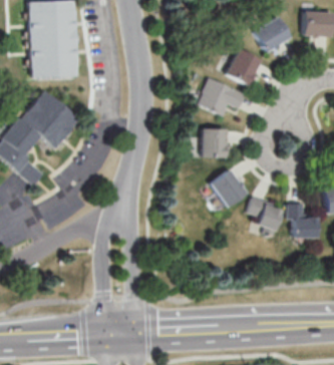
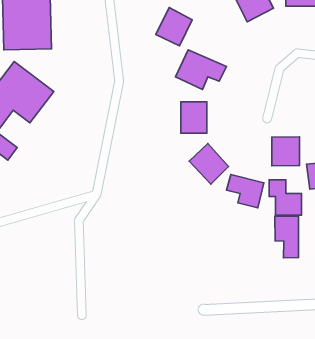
building: [226,49,261,86] -> [156,8,192,46]
building: none -> [272,137,300,166]
building: none -> [275,216,298,258]

